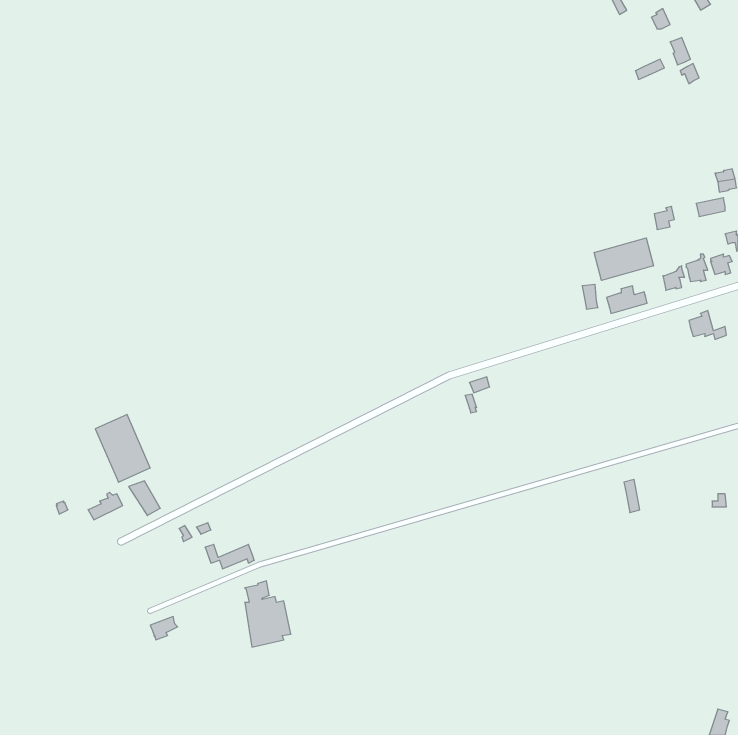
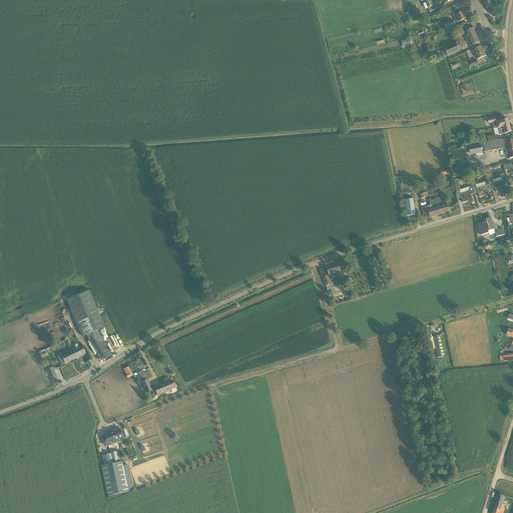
building: [594,238,653,280] -> none
building: [245,581,291,647] -> [101,449,133,495]

